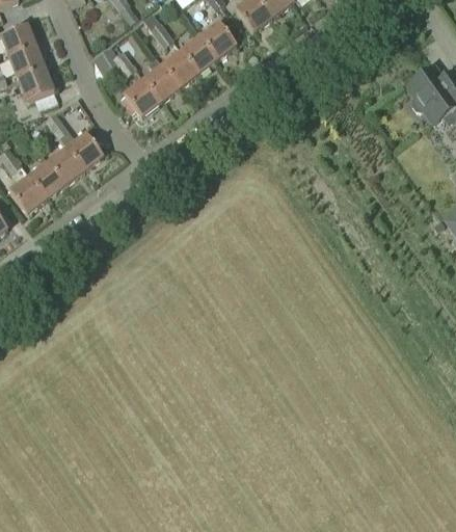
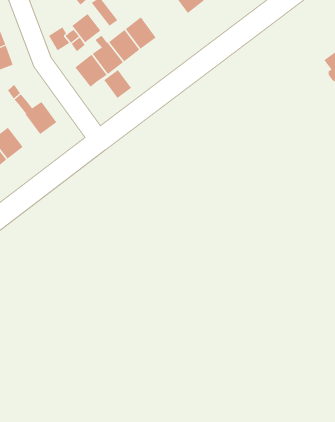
building: [198,21,235,59] -> none
building: none -> [71,13,101,43]
building: none -> [104,69,132,99]
building: [47,147,83,184] -> none

